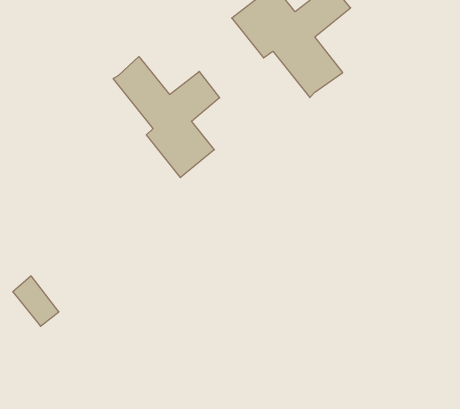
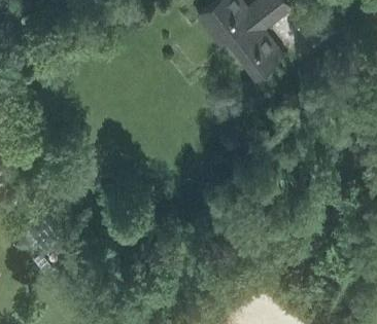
building: [113,57,220,178] -> none

